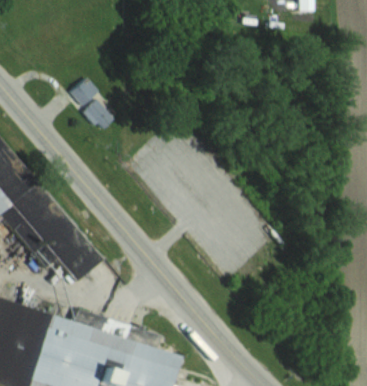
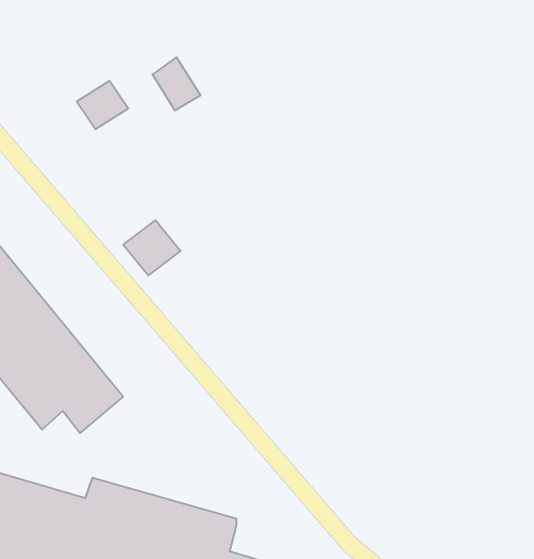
building: [82,95,110,126] -> [152,57,201,111]
building: none -> [123,220,181,275]

